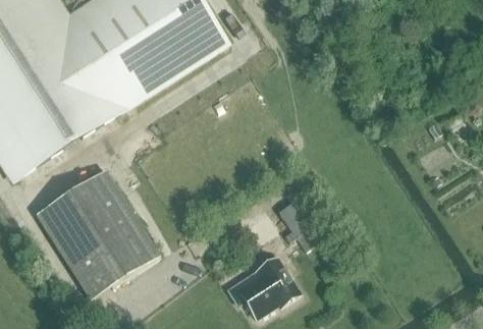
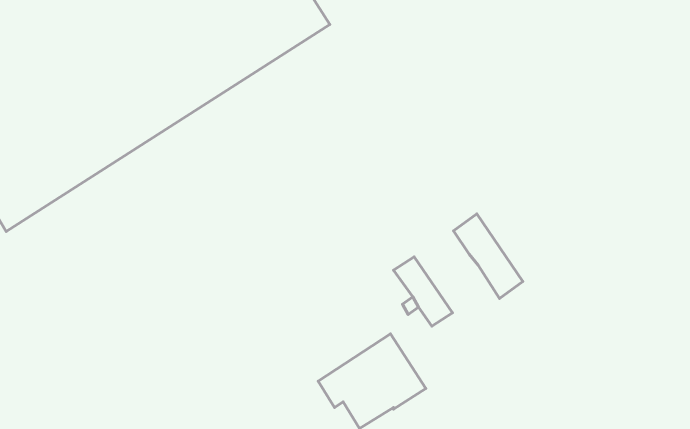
building: [35,170,159,299] -> none
building: none -> [453,214,523,298]

